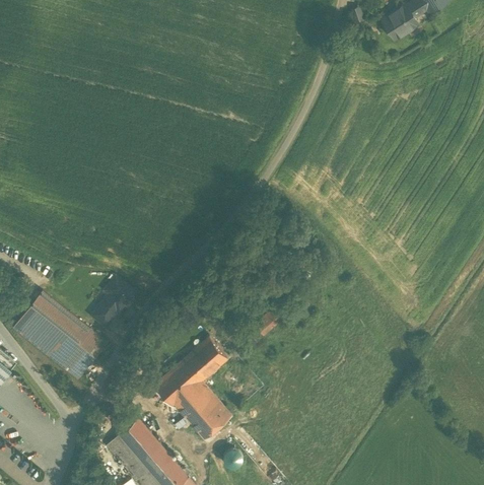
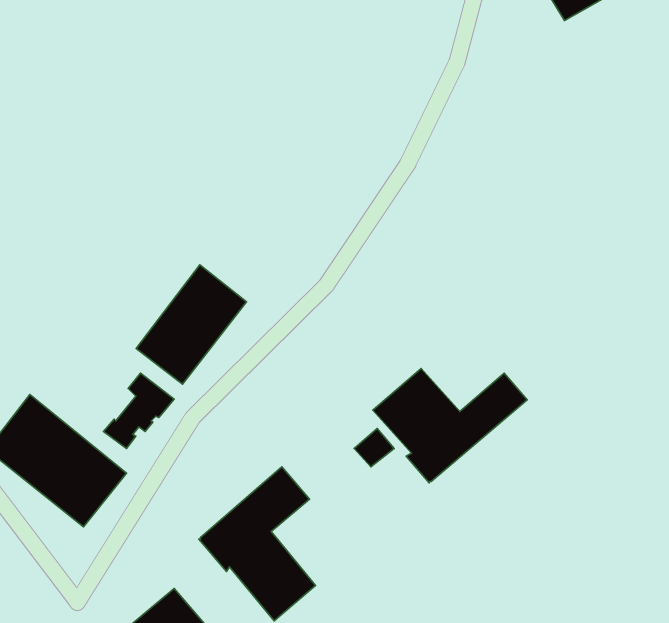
building: none -> [136,265,247,384]
building: none -> [373,369,527,483]

